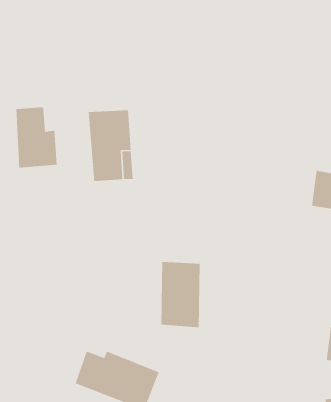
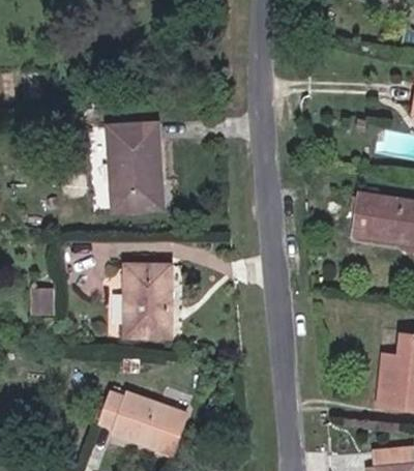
building: [16,107,57,168] -> none
building: [161,262,201,328] -> [130,265,175,338]

